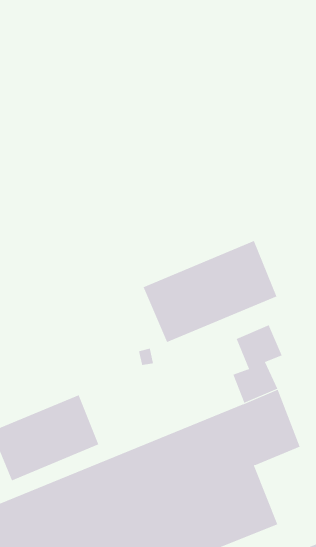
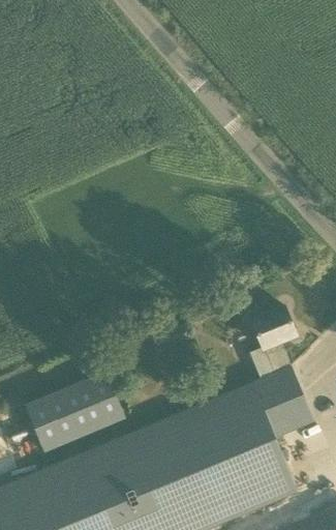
building: [143,240,277,343] -> none

